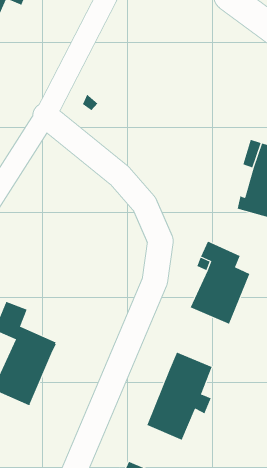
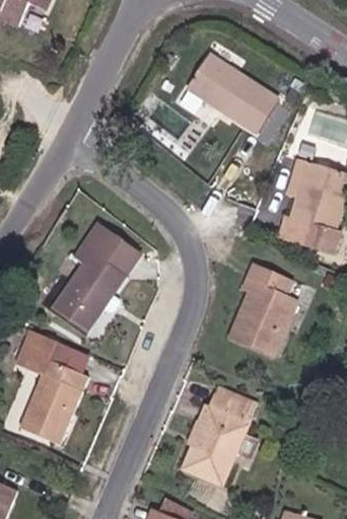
building: none -> [192,52,280,129]
building: none -> [44,221,122,329]

